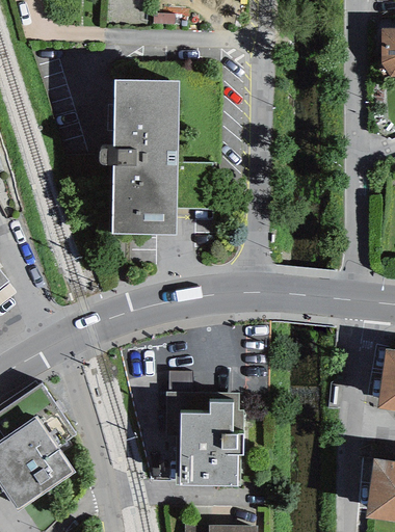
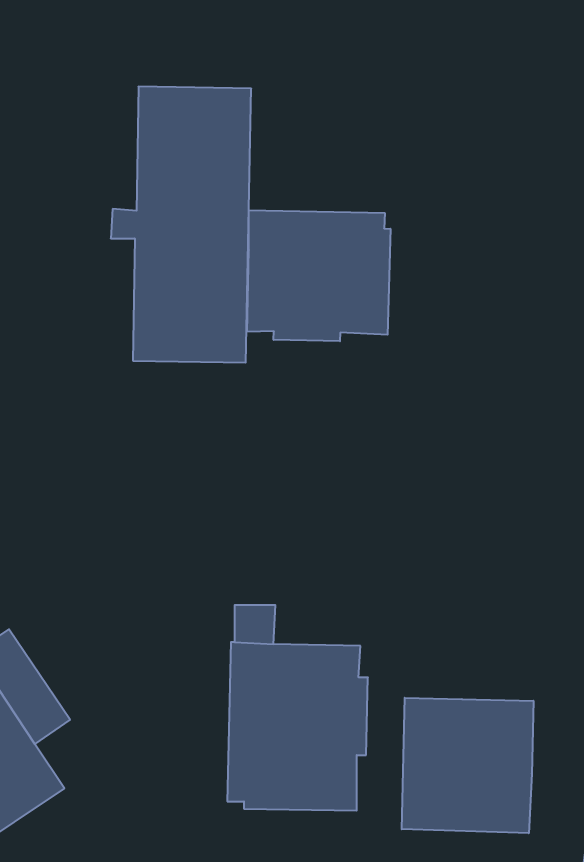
building: none -> [247,210,390,341]
building: none -> [402,698,533,833]

